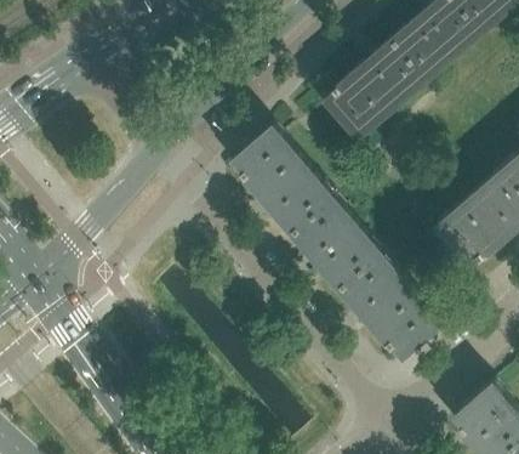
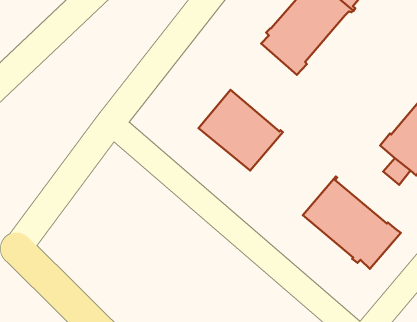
building: [233,125,284,178] -> none
building: [291,197,381,288] -> none

